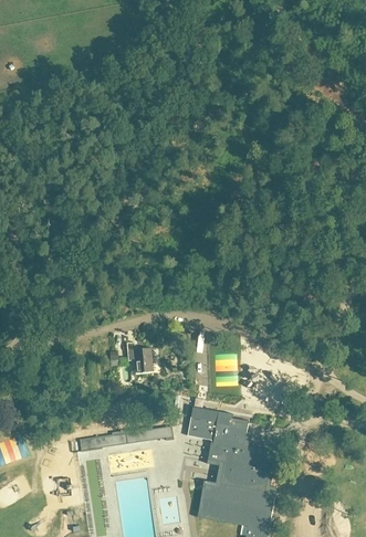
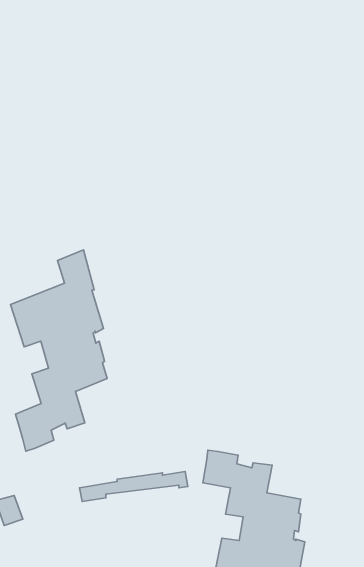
building: none -> [11,250,107,451]
building: [126,341,153,370] -> none

